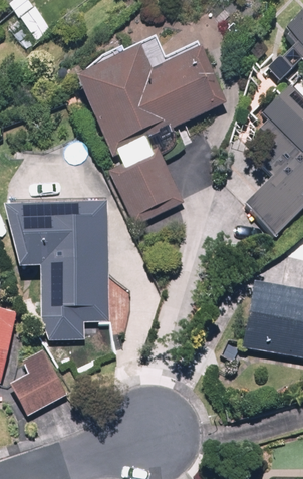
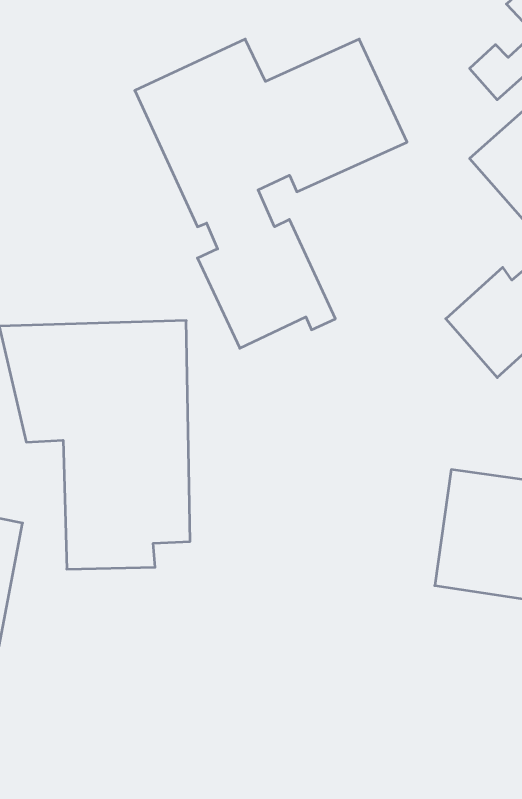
building: [10,350,68,416] -> none

